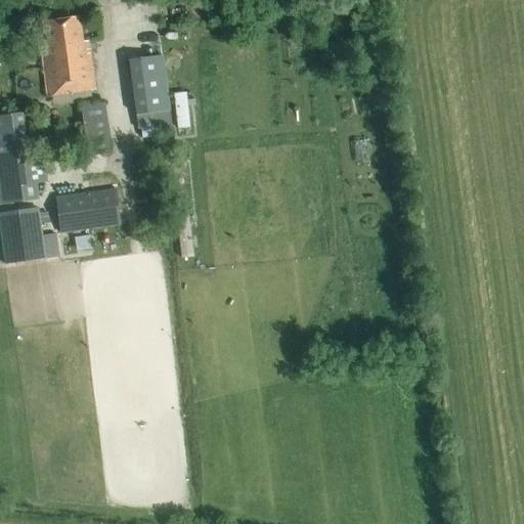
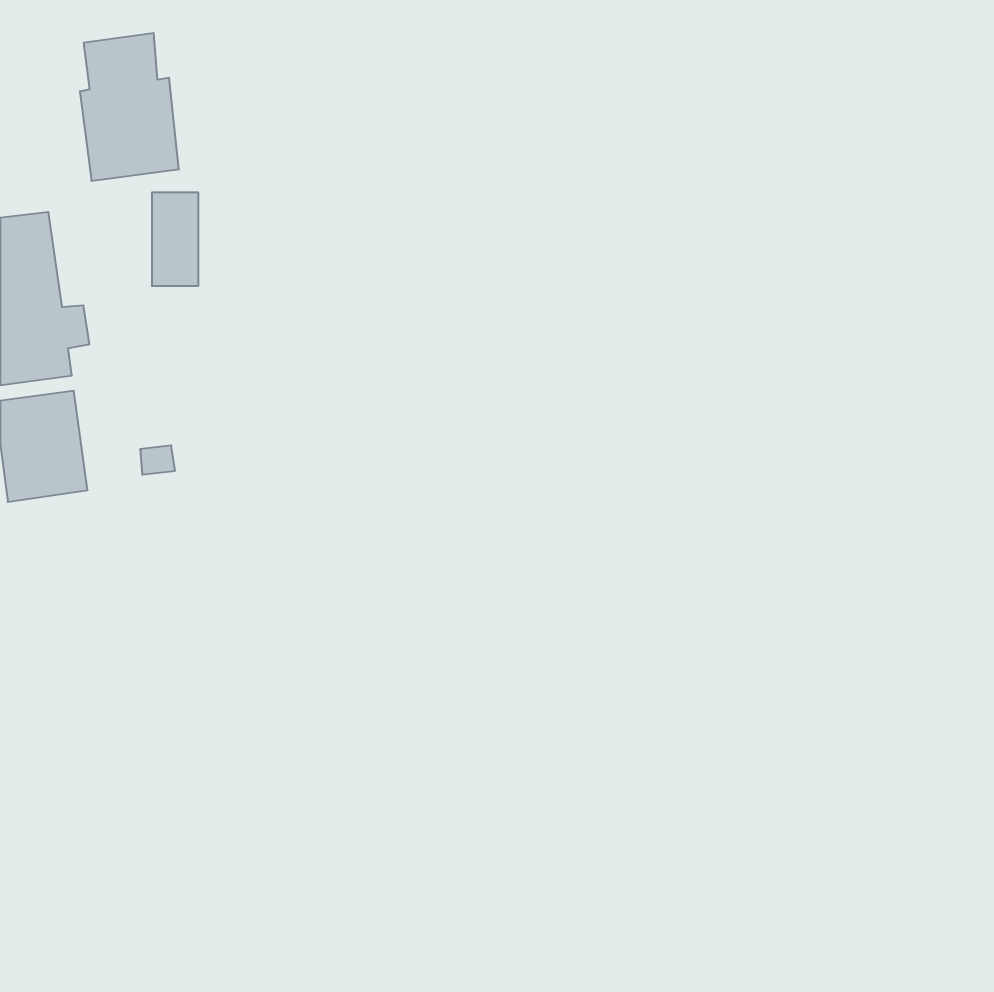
building: [128,55,170,115] -> none
building: [55,187,120,233] -> none

